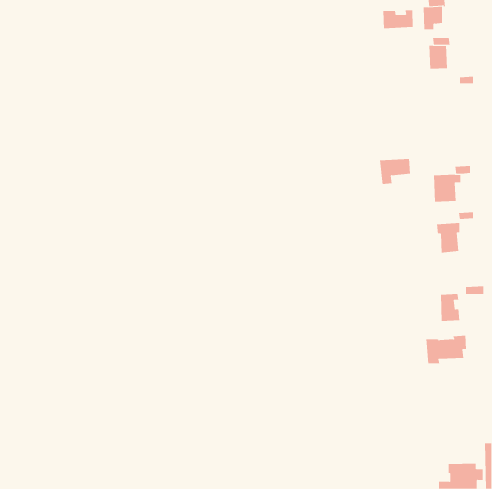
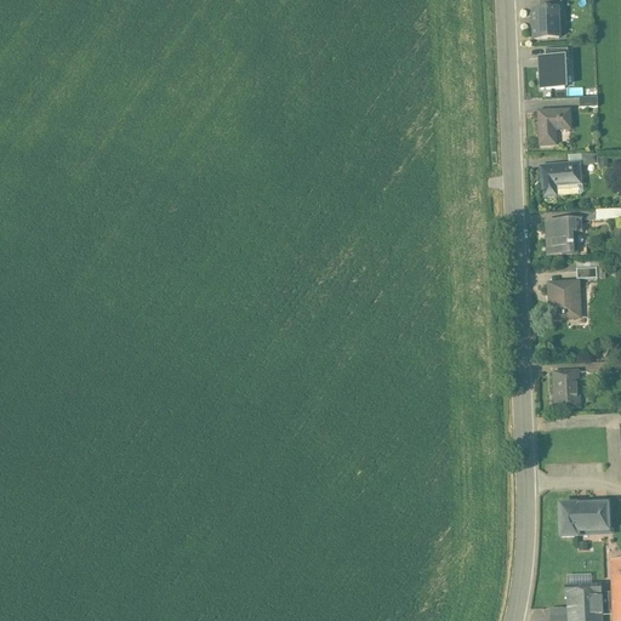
building: [383,10,413,29] -> none
building: none -> [539,109,570,144]
building: [379,158,411,184] -> [540,163,580,195]
building: [426,335,467,364] -> [559,498,611,535]

